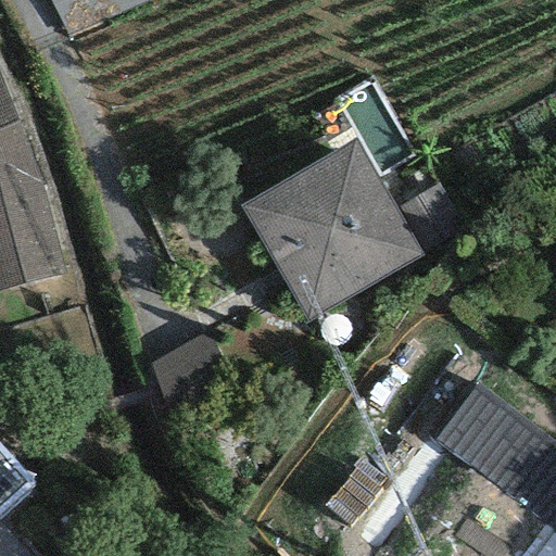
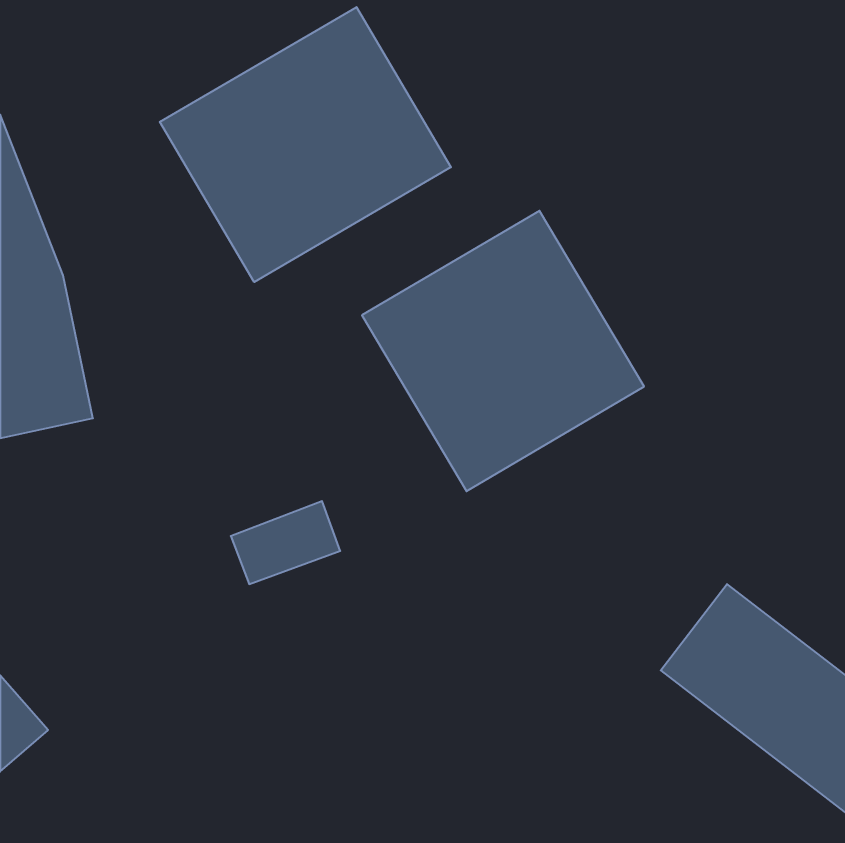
building: none -> [160,7,451,282]

